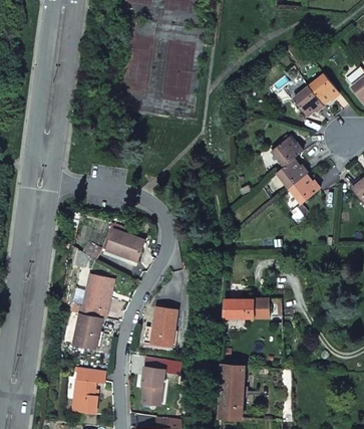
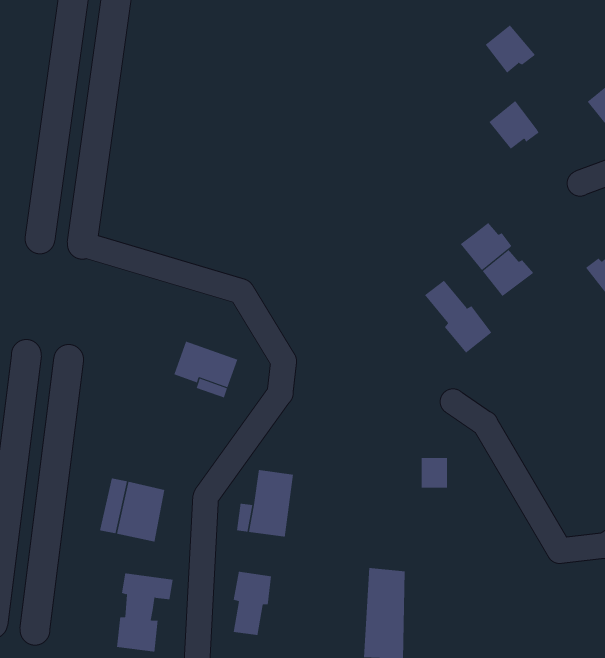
building: [309,74,339,103] -> [485,24,536,74]
building: [271,137,302,166] -> none
building: none -> [424,280,492,354]
building: [78,273,108,314] -> none
building: [224,298,253,317] -> none

